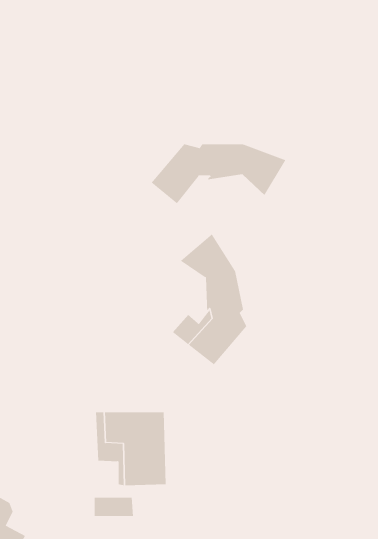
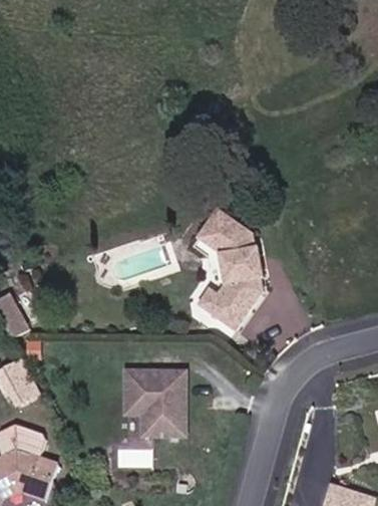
building: [151,144,286,204] -> none

